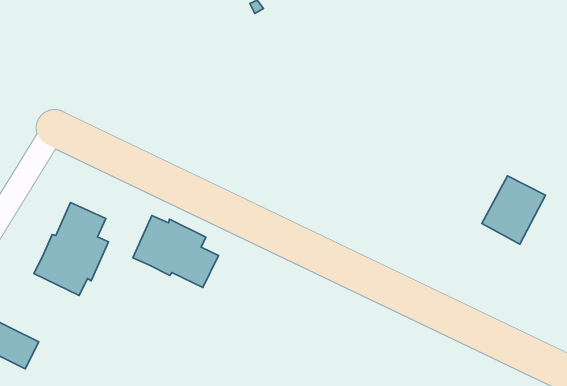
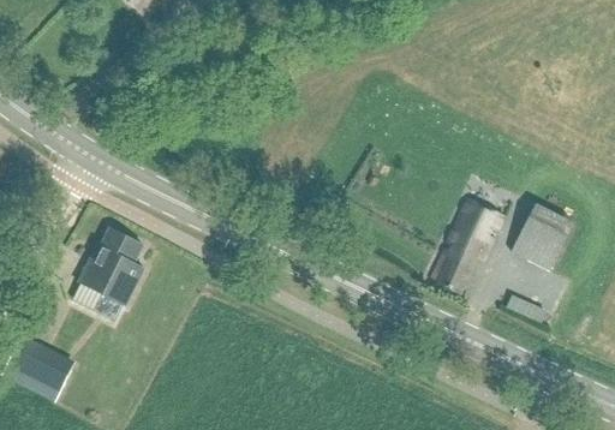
building: none -> [429,198,504,292]
building: [133,216,218,288] -> none

